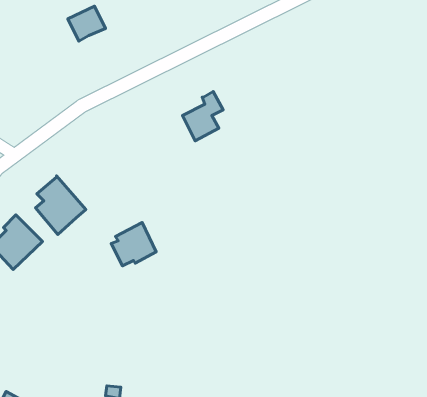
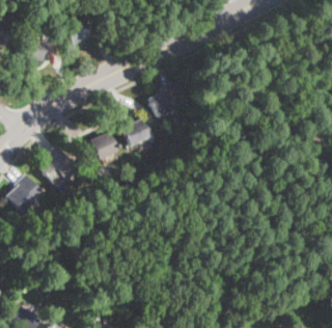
building: none -> [25,39,51,61]
building: none -> [120,119,151,146]
building: [111,223,156,266] -> [81,131,114,163]

